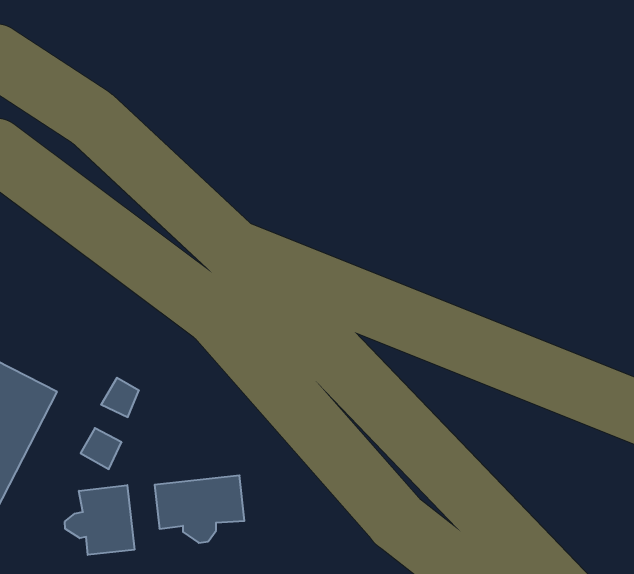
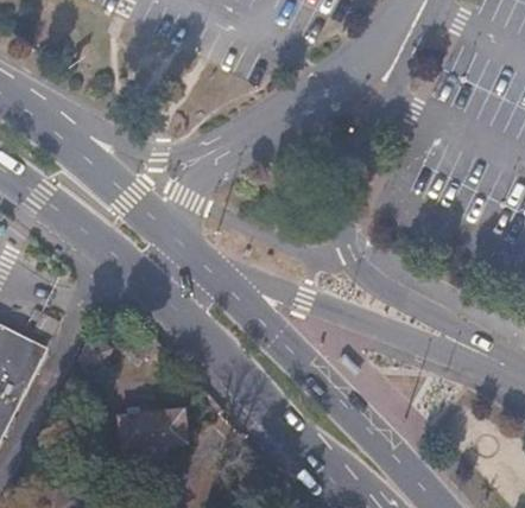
building: [65,485,134,555] -> none

